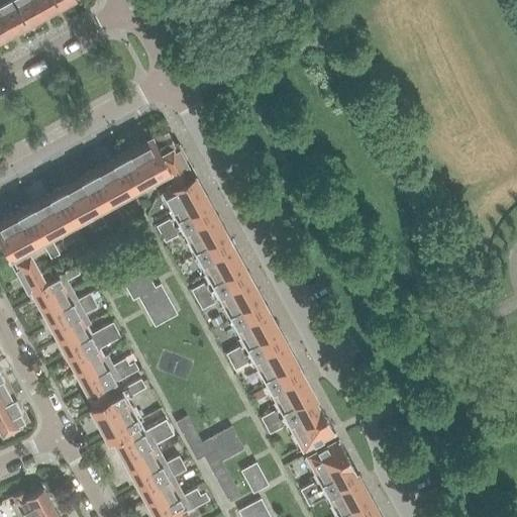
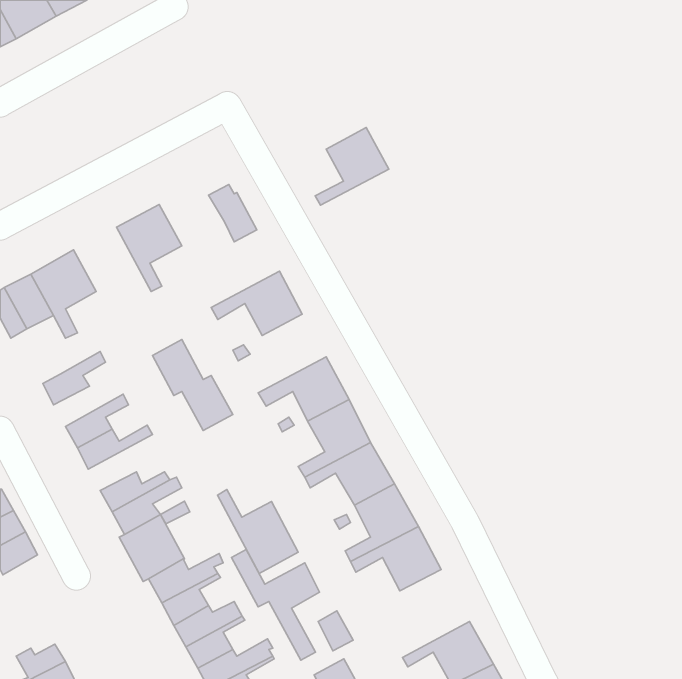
building: [121,140,171,189] -> none
building: [57,175,115,228] -> none
building: [157,177,212,235] -> [315,128,389,205]
building: [192,240,247,300] -> none
building: [13,256,46,296] -> none
building: [41,294,94,325] -> none
building: [68,331,120,374] -> none
building: none -> [218,490,298,574]
building: [301,440,355,500] -> none

